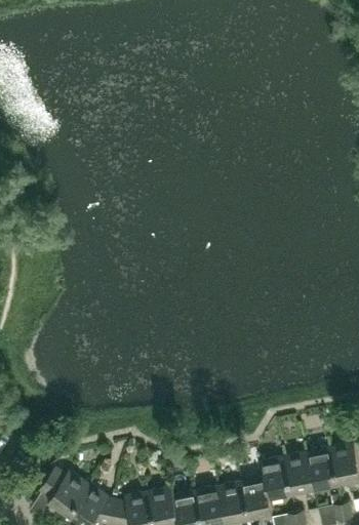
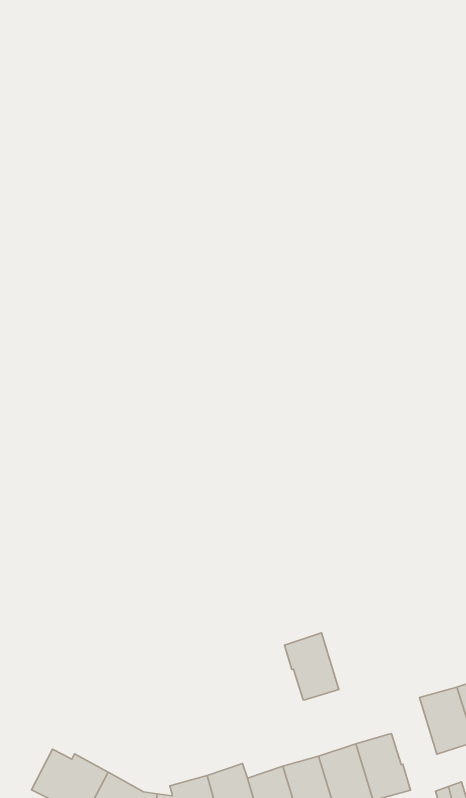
building: [261,459,291,499] -> [284,633,339,700]

